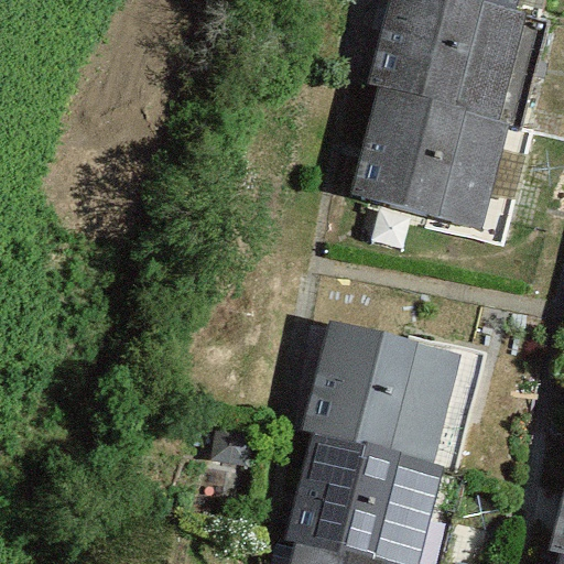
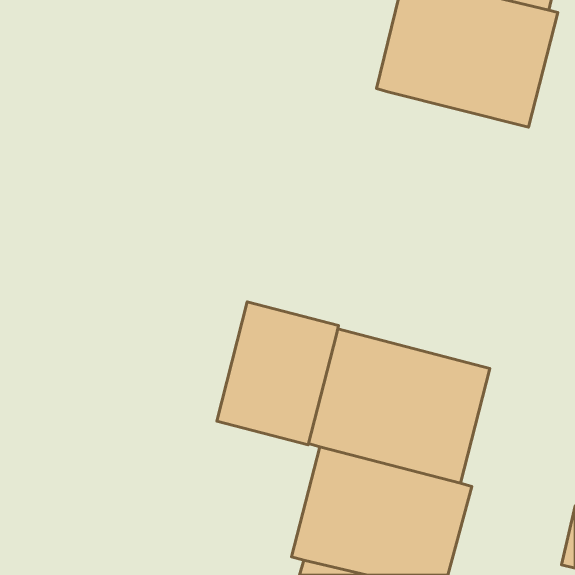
building: [350,89,525,241] -> none
building: none -> [217,302,338,445]

